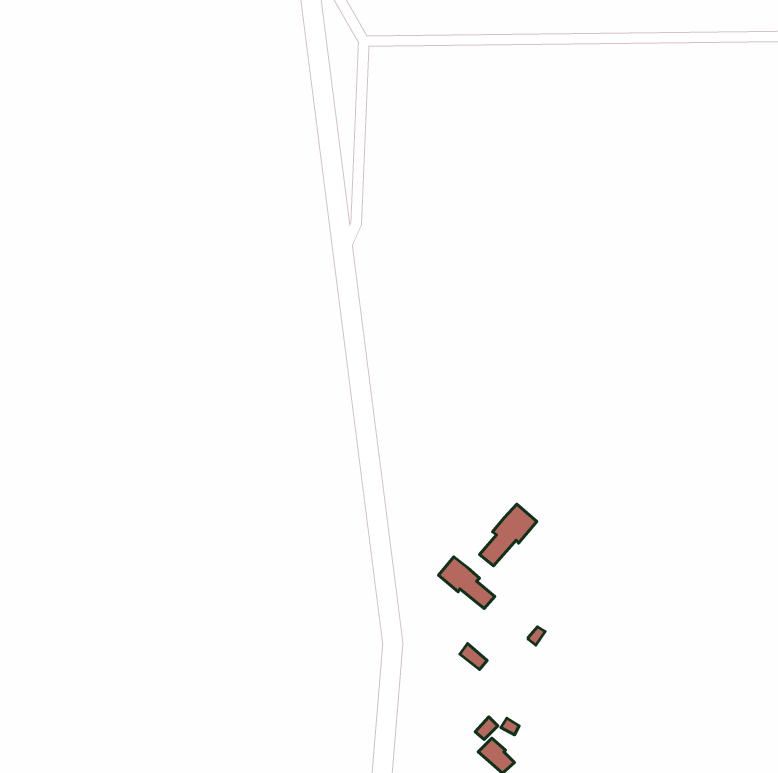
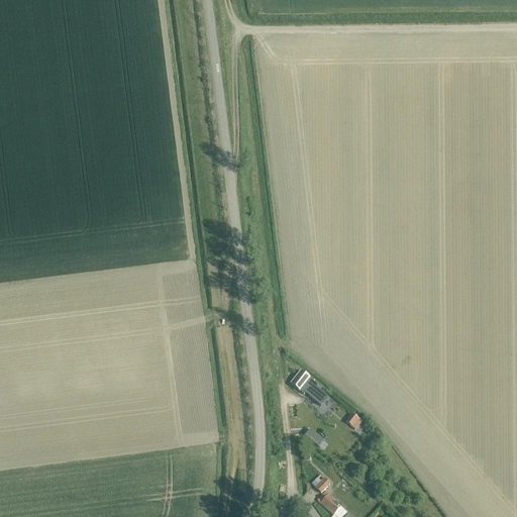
building: [479,504,537,566] -> none

